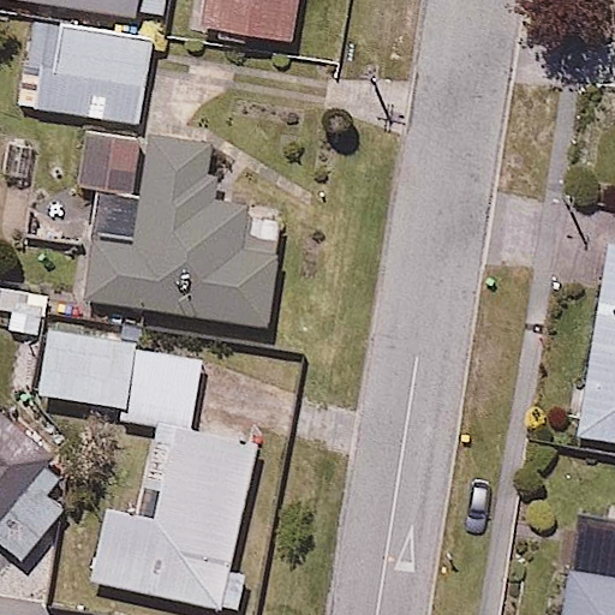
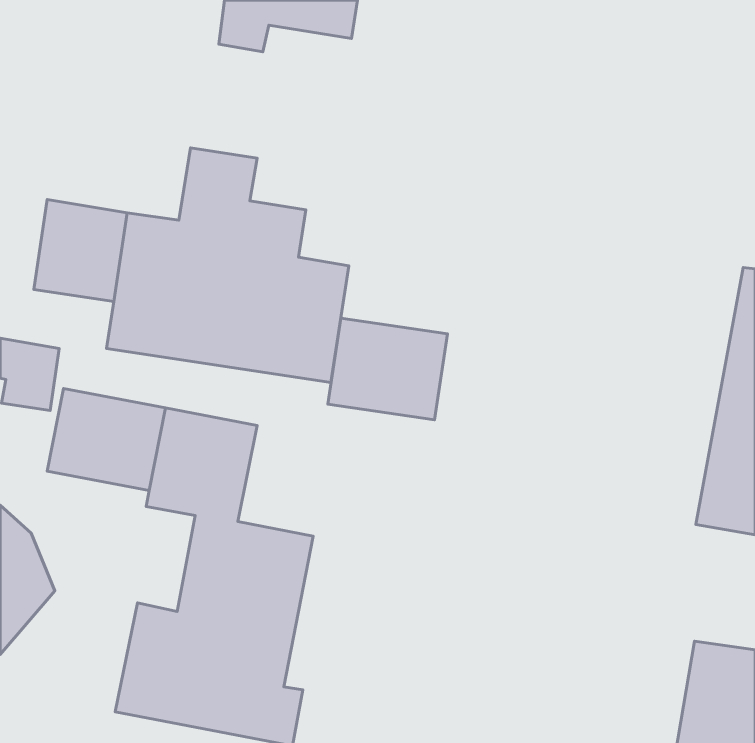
building: [18,22,165,133] -> none
building: none -> [328,318,448,420]

